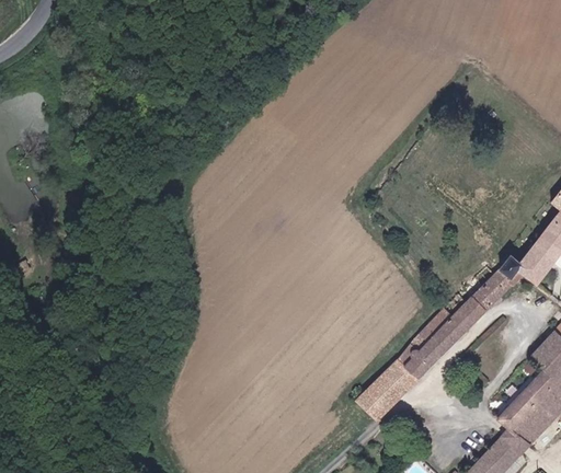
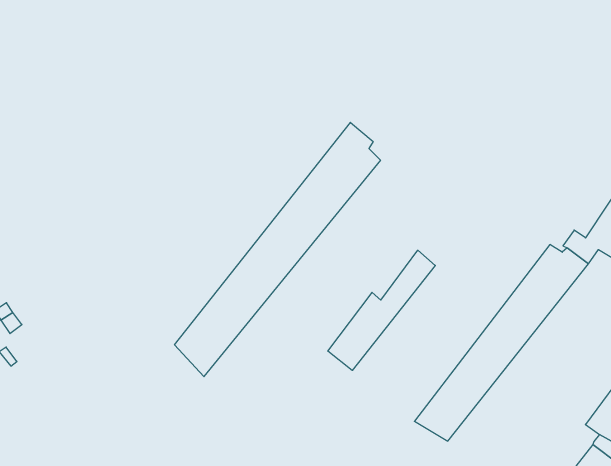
building: none -> [175,122,380,377]
building: none -> [328,250,435,370]

